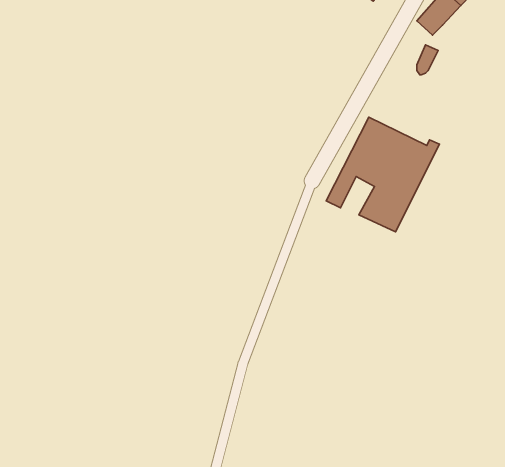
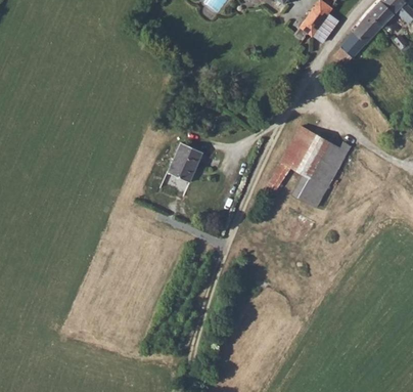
building: none -> [168,142,203,182]

